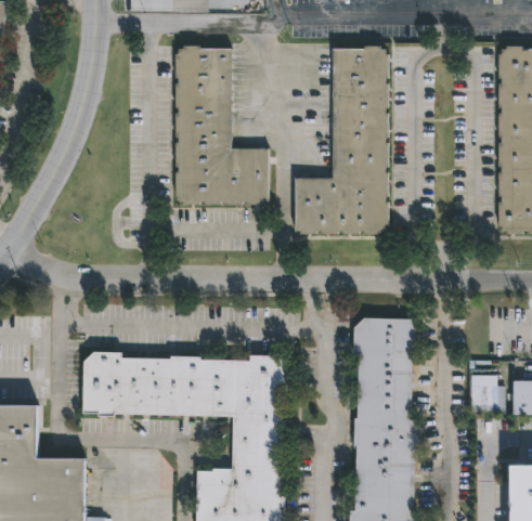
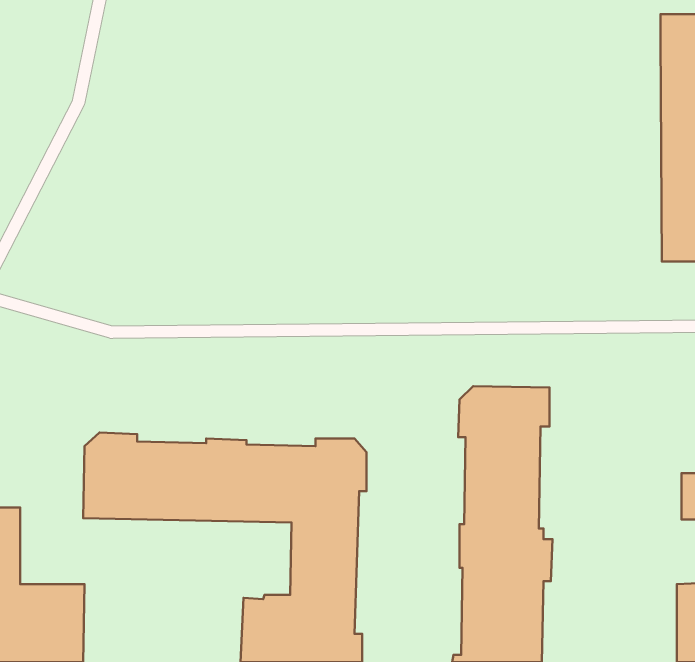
building: [174,48,267,204] -> none
building: [294,48,387,233] -> none
building: [470,374,506,411] -> none

